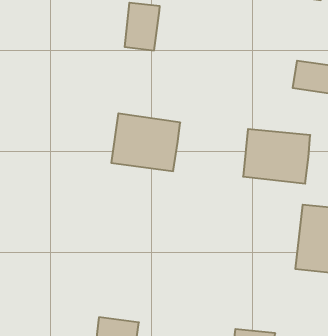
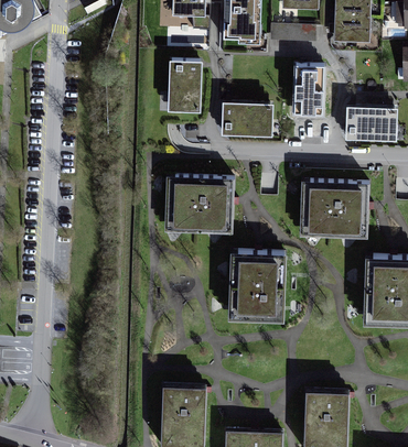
building: none -> [292,63,325,112]
building: none -> [222,103,270,135]
building: none -> [227,250,282,316]

